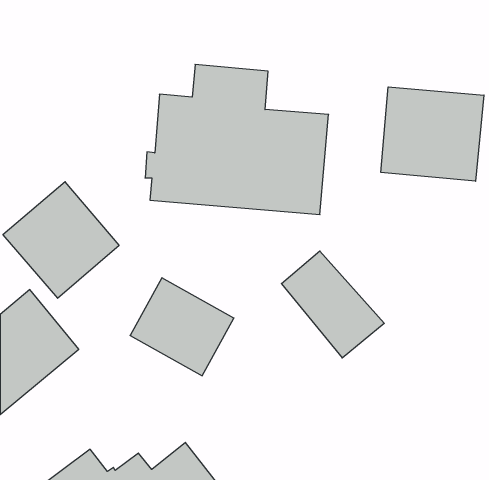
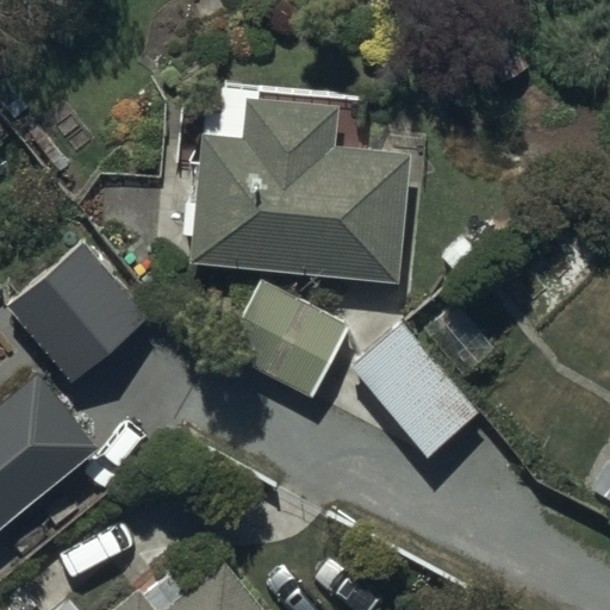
building: [381,87,484,181] -> none
building: [130,278,234,376] -> [220,280,349,402]

